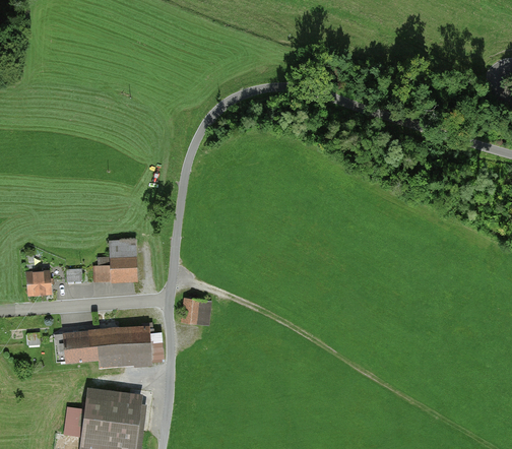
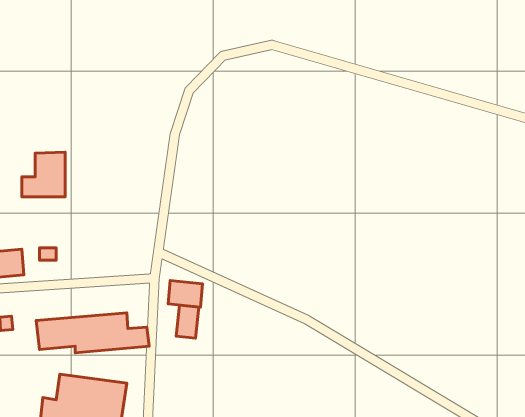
building: [97,240,136,280] -> [22,152,65,197]
building: none -> [176,305,199,338]

